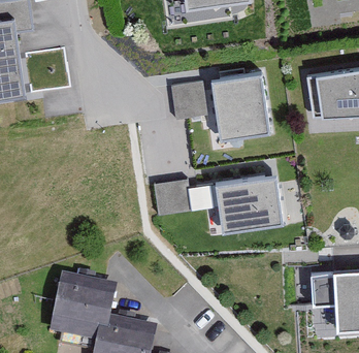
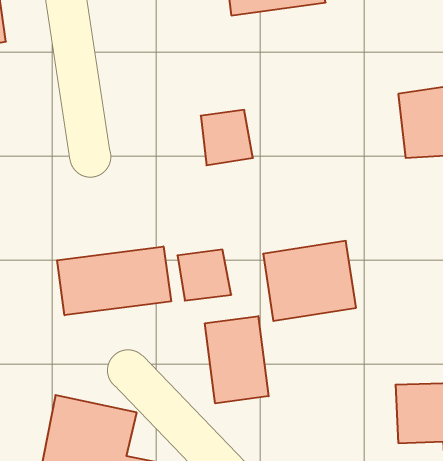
building: [209,70,268,138] -> none
building: none -> [57,246,171,315]
building: none -> [205,316,269,403]

